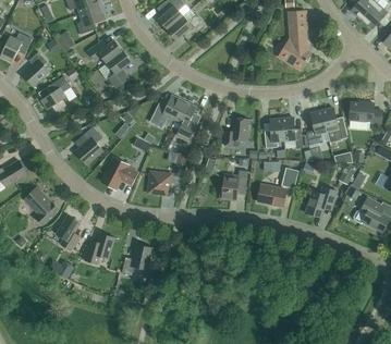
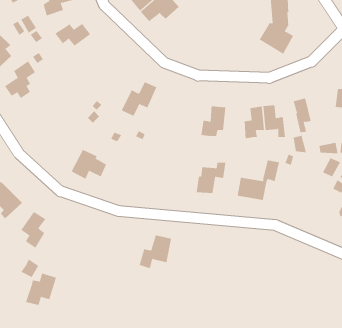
building: [107,50,132,88] -> none
building: [175,100,198,140] -> none
building: [322,107,349,140] -> none
building: [76,126,103,164] -> none
building: [148,168,185,195] -> none
building: [306,186,338,217] -> none
building: [85,233,114,263] -> [25,273,57,306]
building: [122,244,152,275] -> [139,235,172,269]

